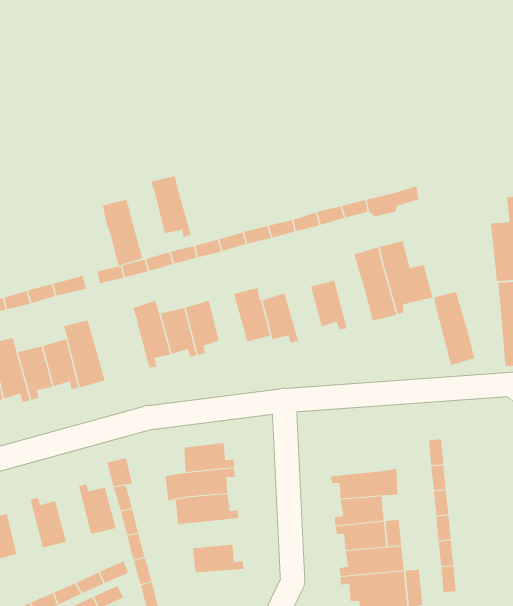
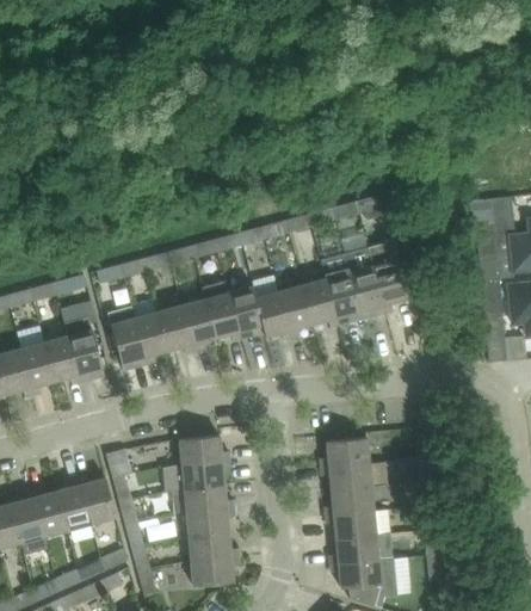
building: [151,175,192,237] -> [202,282,241,341]
building: [102,199,143,266] -> [107,307,147,371]
building: none -> [278,285,313,338]
building: [433,291,475,366] -> [321,254,362,326]
building: none -> [320,438,369,468]
building: none -> [57,477,91,531]
building: none -> [11,490,48,555]
building: none -> [186,508,235,537]
building: none -> [191,557,240,587]

